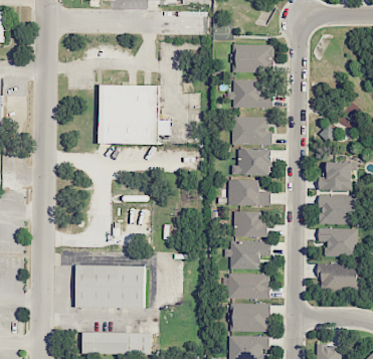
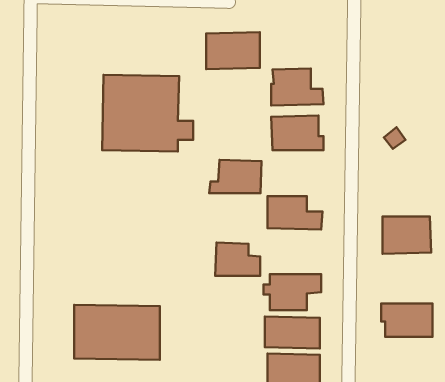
building: [231,43,273,72] -> [206,32,260,69]
building: [231,148,272,174] -> [209,160,262,193]
building: [318,161,352,190] -> none
building: [233,210,268,236] -> [215,243,260,276]
building: [318,227,358,256] -> none

